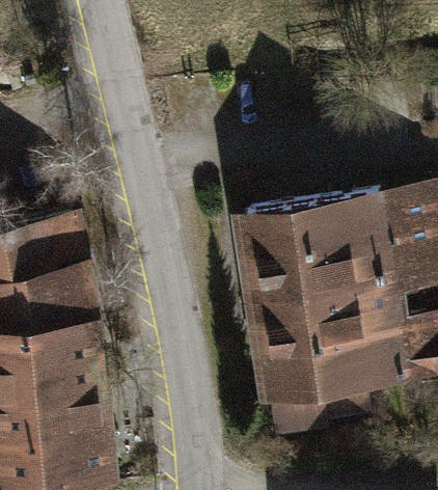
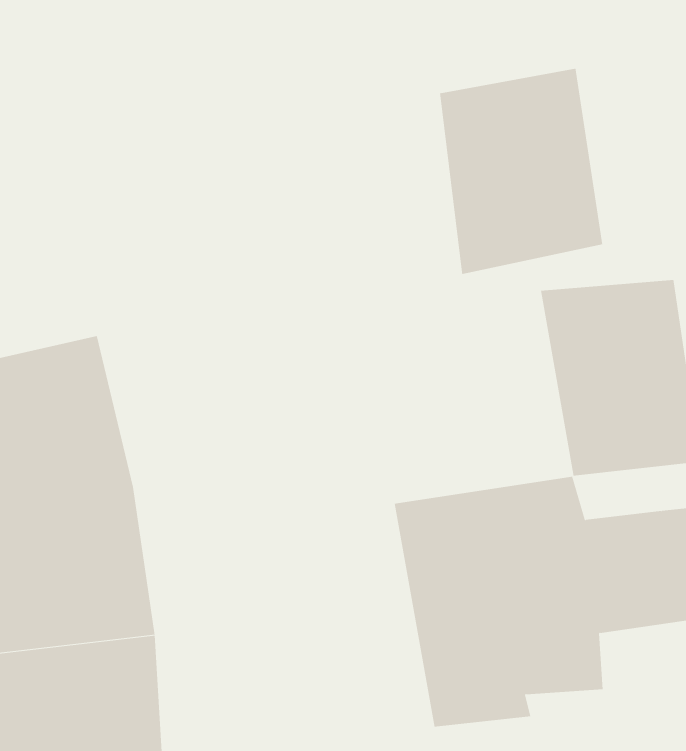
building: none -> [439,68,603,275]
building: [238,194,352,317] -> none

